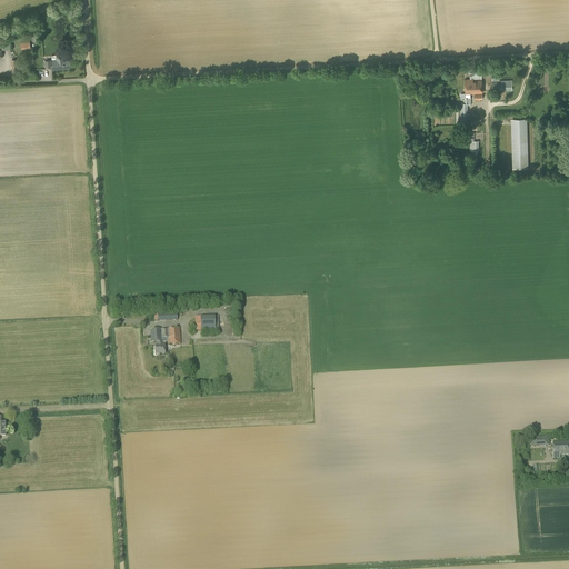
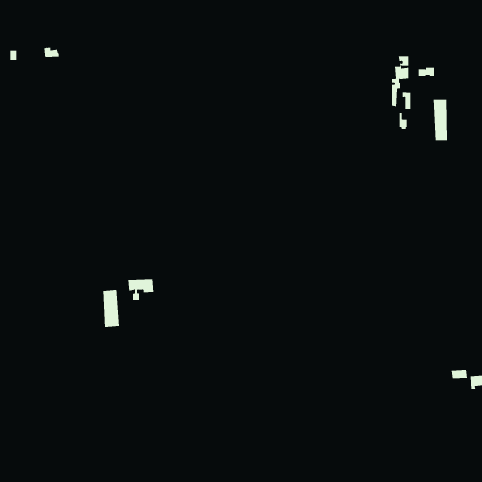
building: none -> [103,289,119,328]

